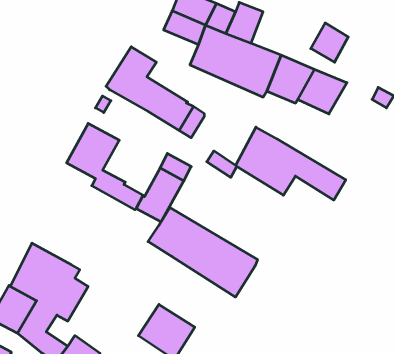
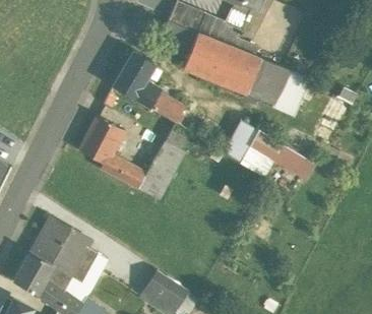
building: [311,23,348,62] -> none
building: [148,208,257,297] -> none

